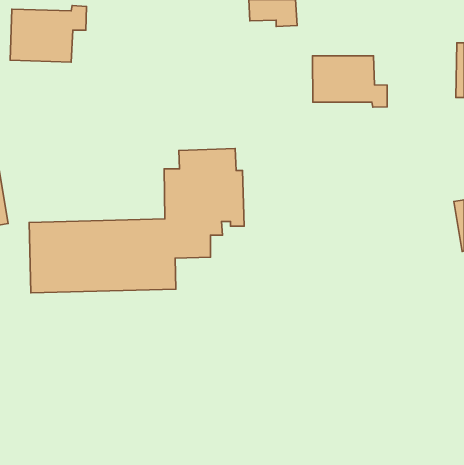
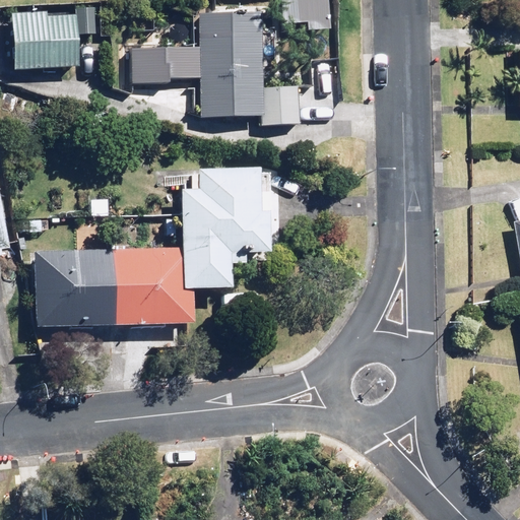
building: none -> [127,15,300,125]
building: [313,56,387,107] -> none

